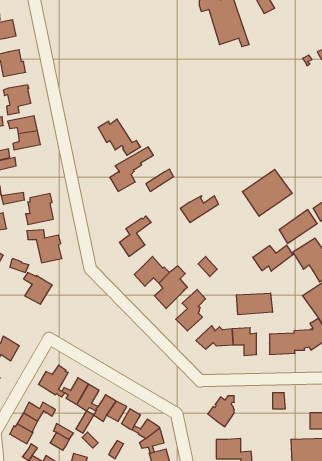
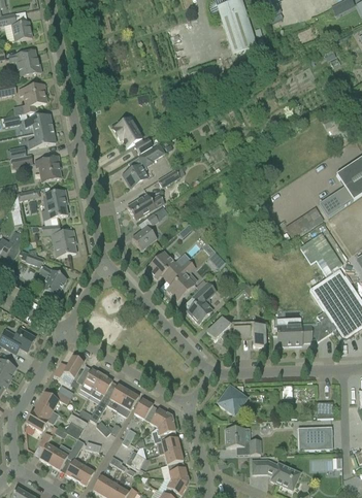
building: none -> [35,155,61,180]
building: [242,169,292,216] -> none
building: [180,196,219,222] -> [127,193,164,219]
building: [253,245,293,271] -> none
building: [237,293,273,315] -> none

